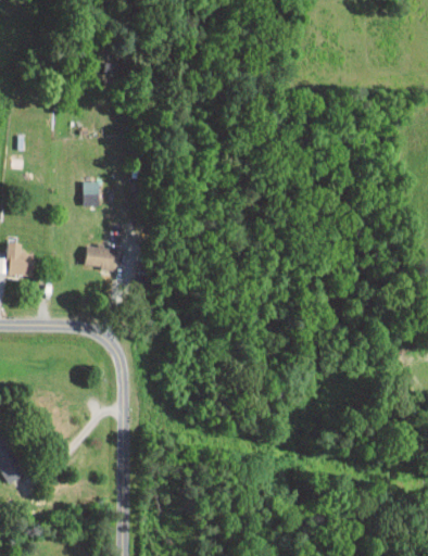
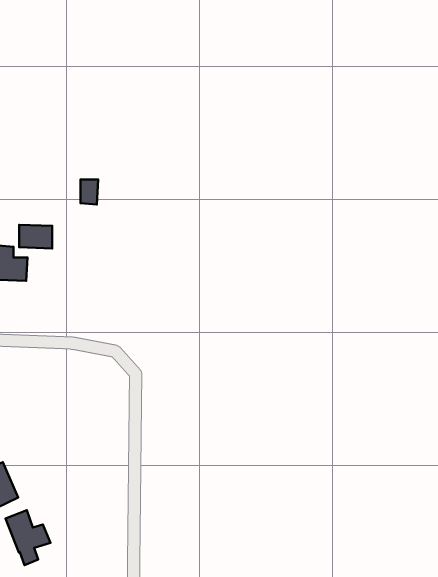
building: [86,247,116,268] -> [19,225,52,248]
building: none -> [5,510,51,565]

